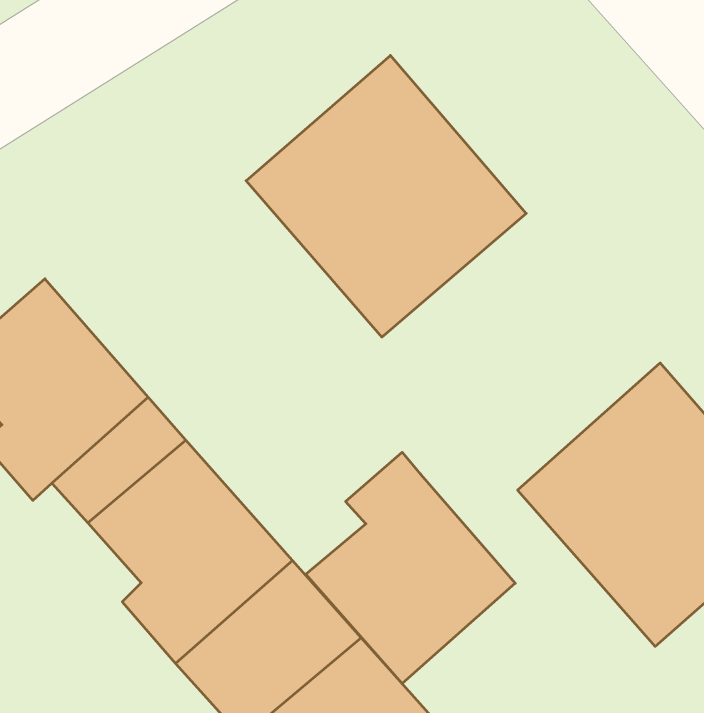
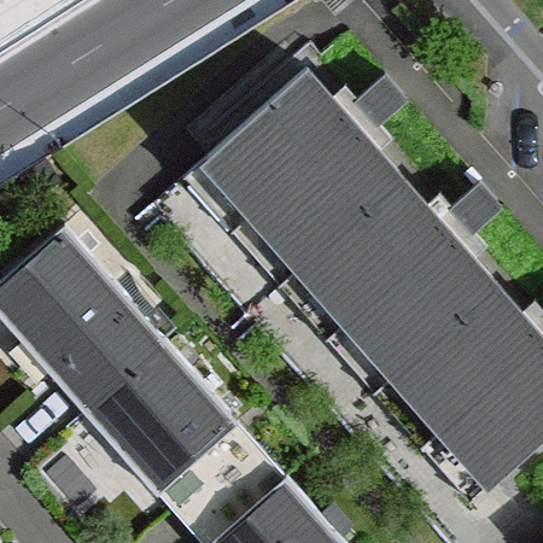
building: none -> [299,182,495,376]
building: [306,452,515,684] -> none

